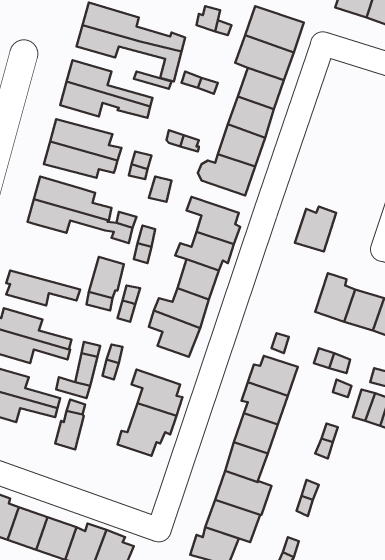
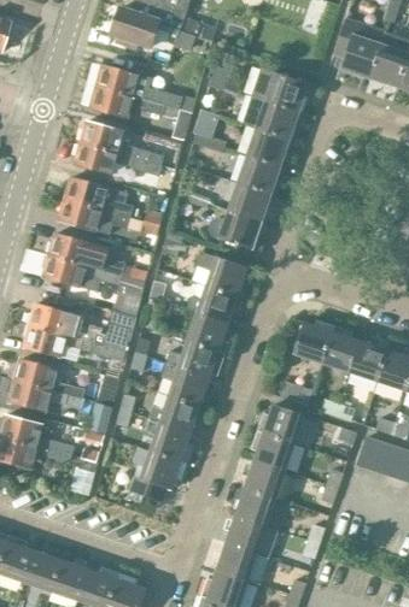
building: [295,206,336,252] -> [293,319,333,363]
building: none -> [27,302,97,341]
building: none -> [148,395,199,432]

